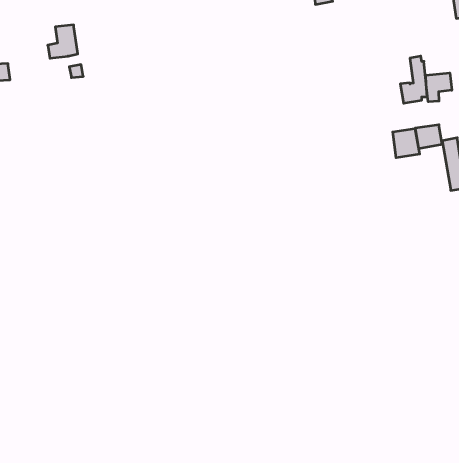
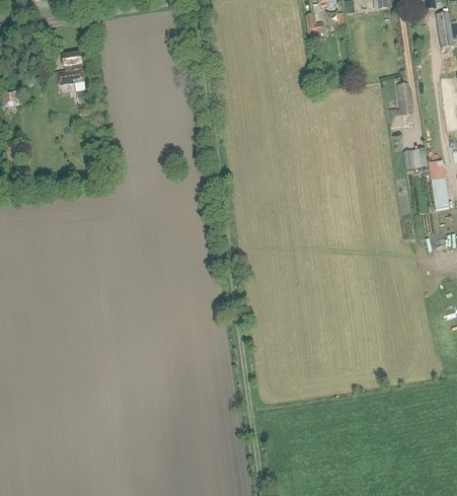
building: [426,73,452,102] -> none
building: [393,129,420,158] -> none

